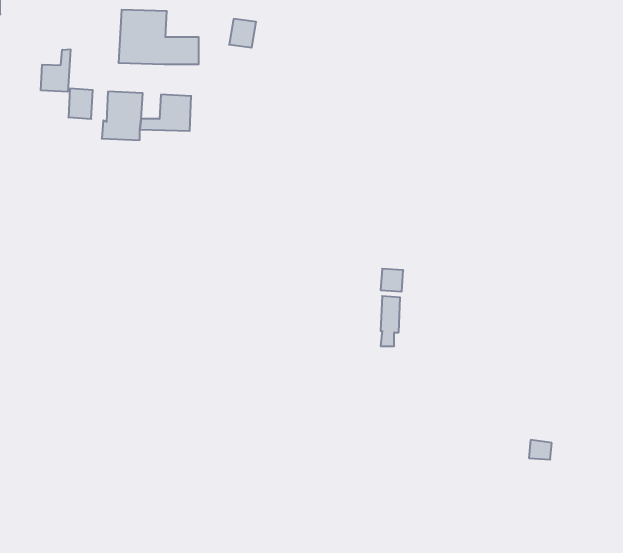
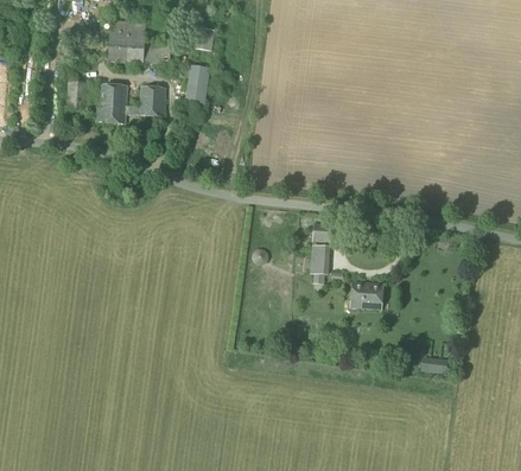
building: [41,49,70,92] -> none
building: none -> [185,64,211,103]
building: none -> [349,281,382,310]

